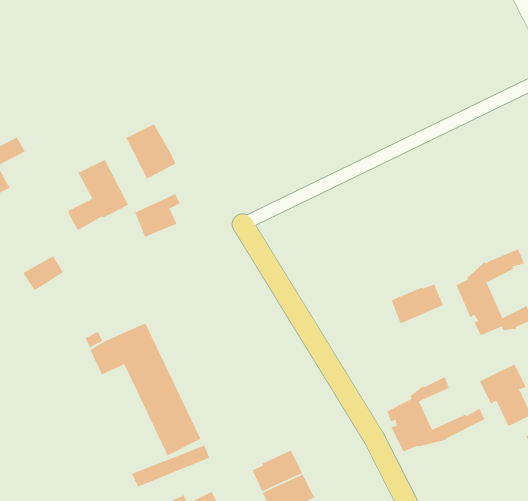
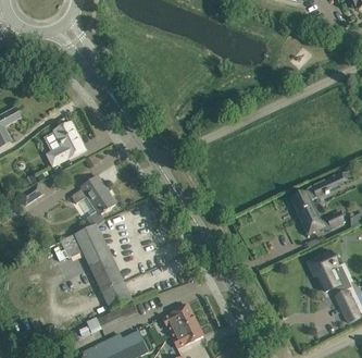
building: [125,123,177,180] -> none
building: none -> [71,175,114,225]
building: [391,283,444,324] -> none
building: [386,372,485,454] -> none

